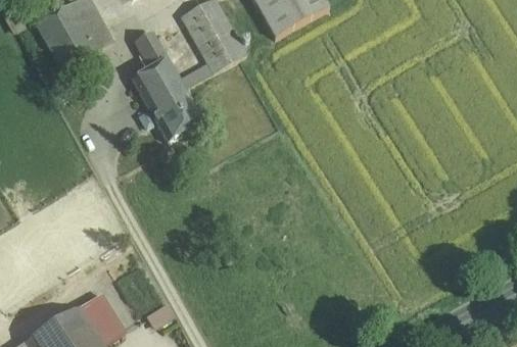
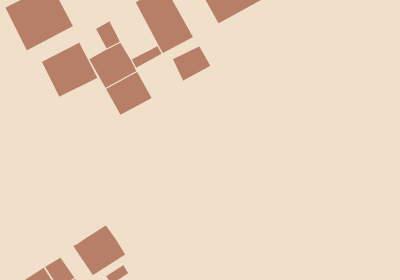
building: none -> [41,42,98,97]
building: none -> [172,45,211,82]
building: none -> [73,225,126,276]

